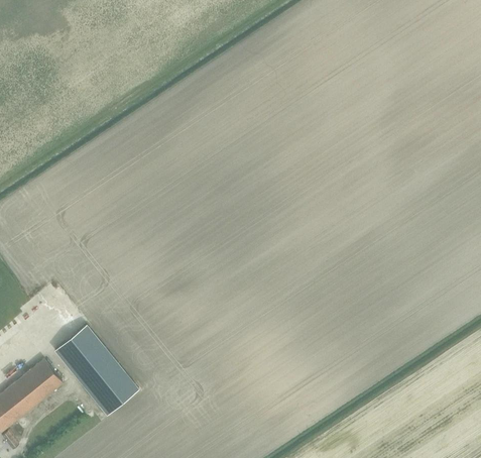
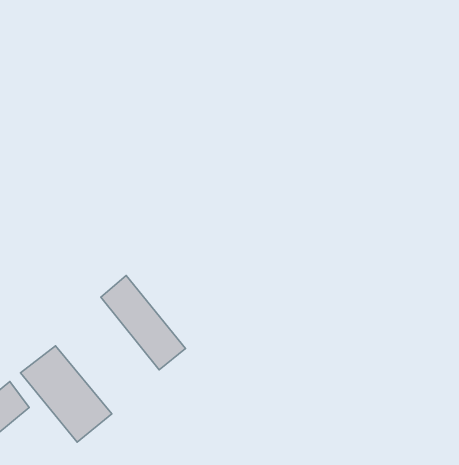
building: none -> [101,275,186,370]

